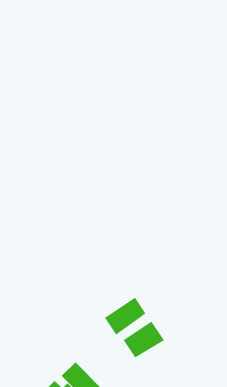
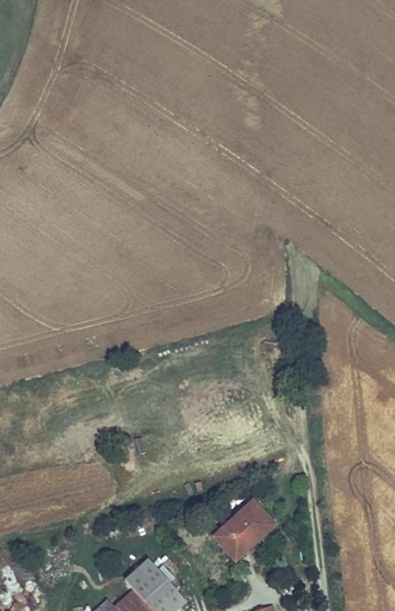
building: [104,297,146,336] -> none

